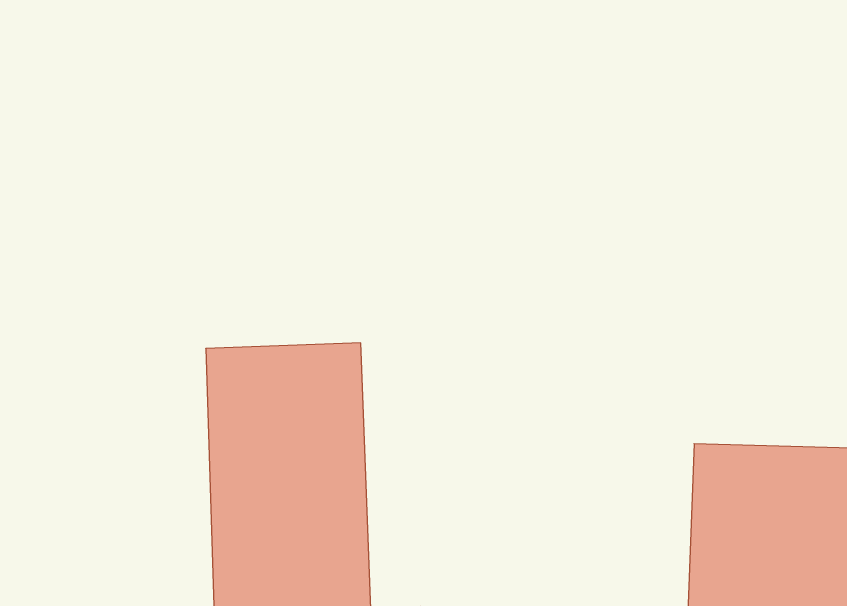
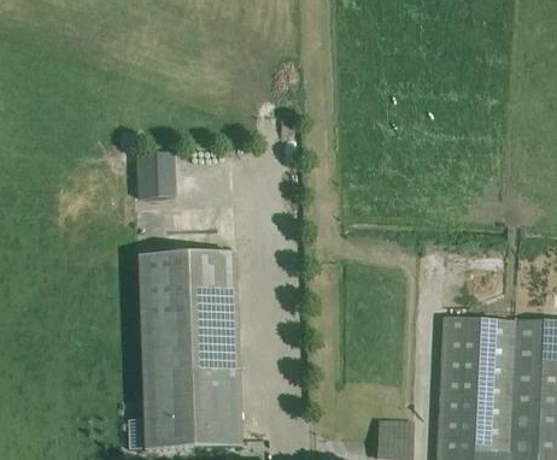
building: none -> [137,152,176,197]

